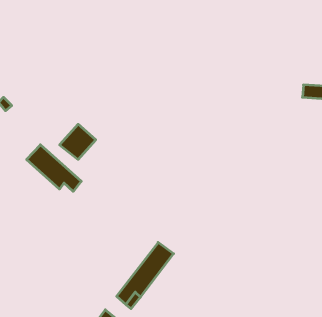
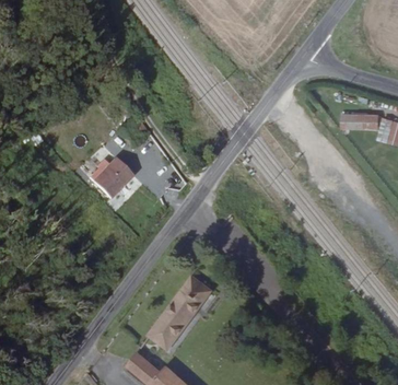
building: [27,145,81,191] -> none

